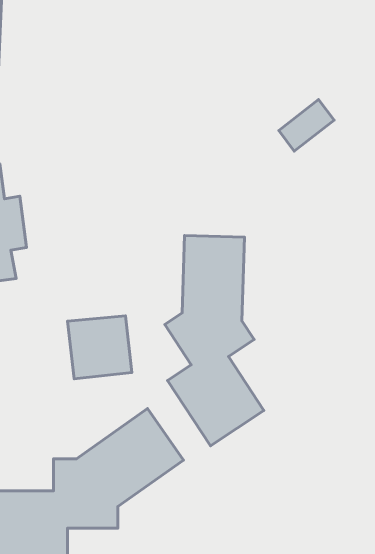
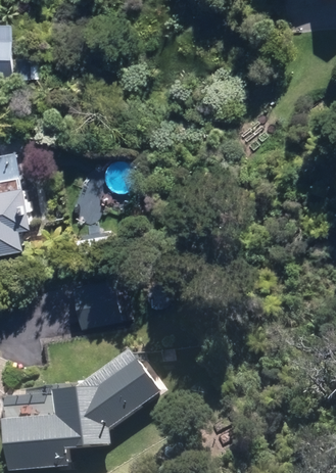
building: [165,235,264,446] -> none

